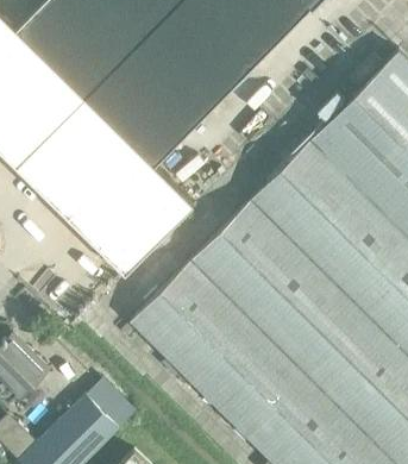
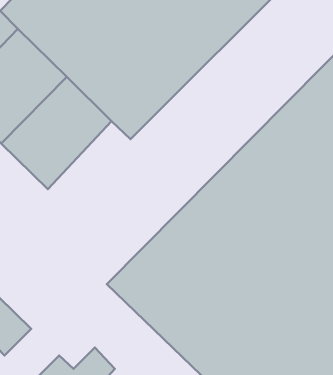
building: [65,149,193,277] -> none

